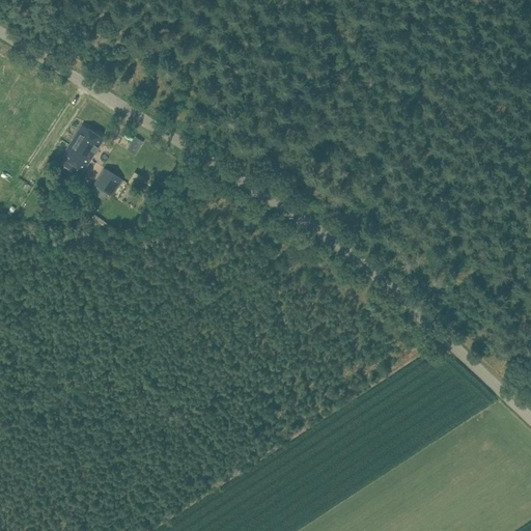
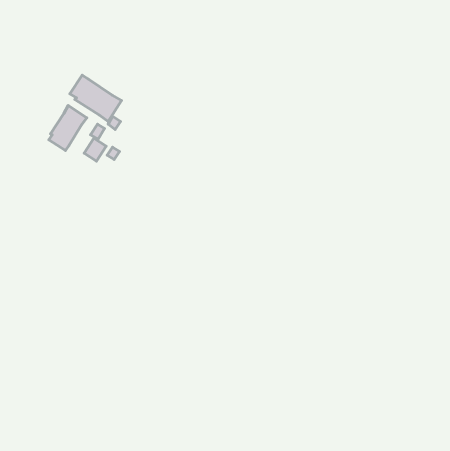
building: none -> [70,75,121,122]

